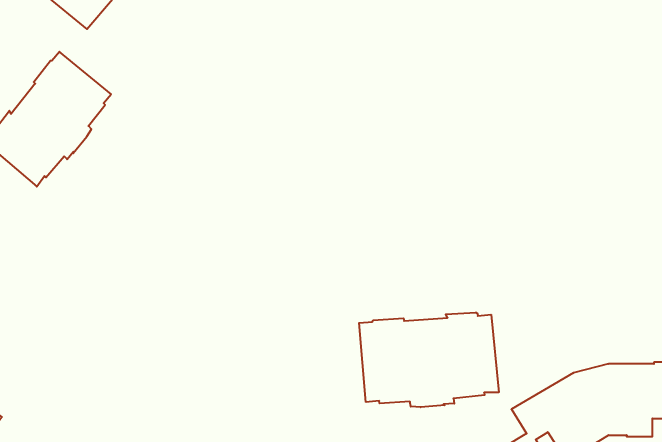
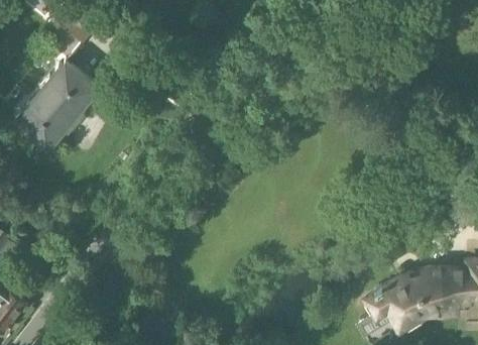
building: [359,312,499,407] -> none

